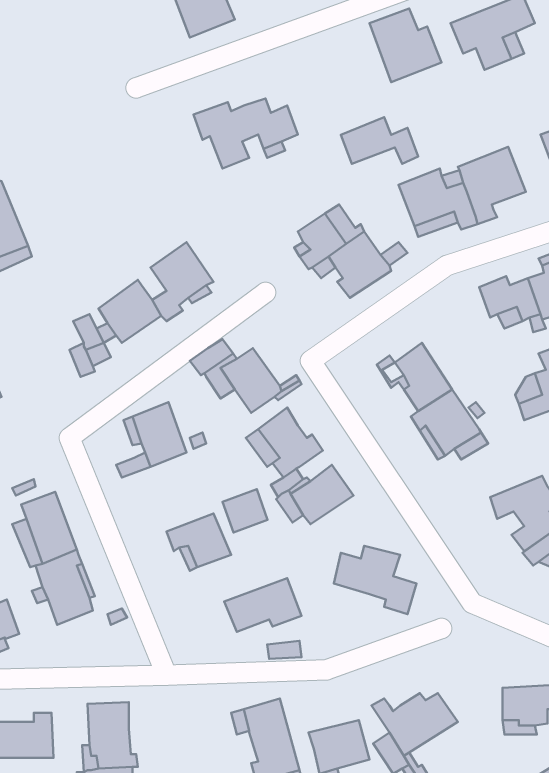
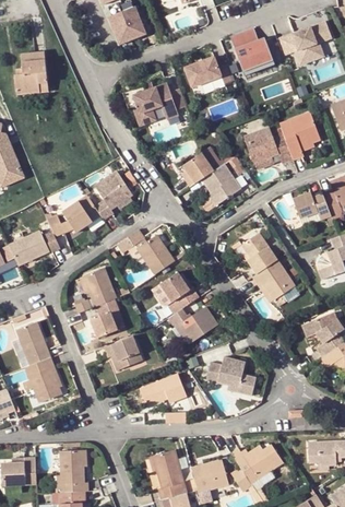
building: none -> [13,54,47,93]
building: [341,117,418,164] -> [186,56,233,84]
building: none -> [9,232,49,267]
building: [223,489,268,532] -> [91,313,118,339]

